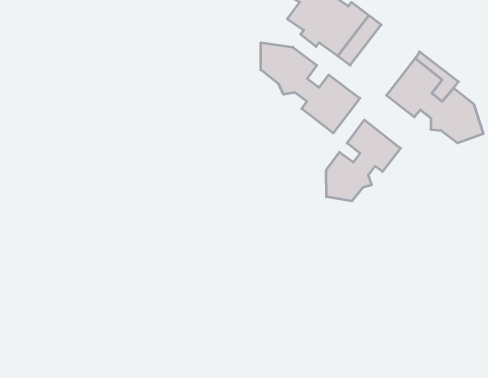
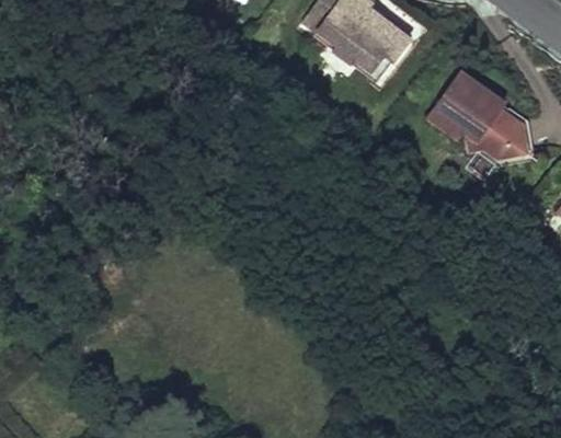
building: [261,43,360,133] -> none
building: [326,120,401,201] -> none

